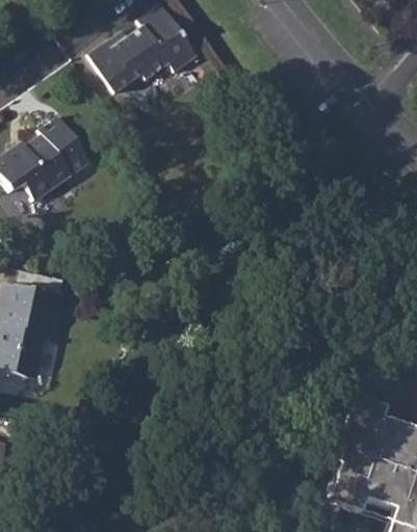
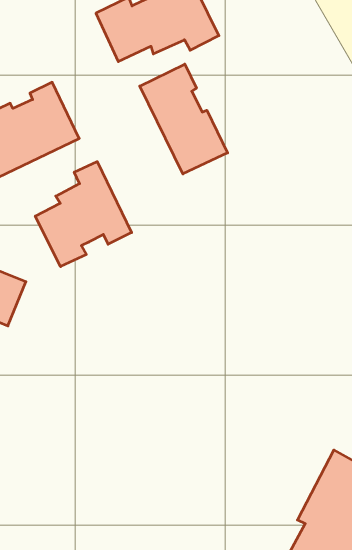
building: none -> [140,64,228,174]
building: none -> [35,162,132,267]

